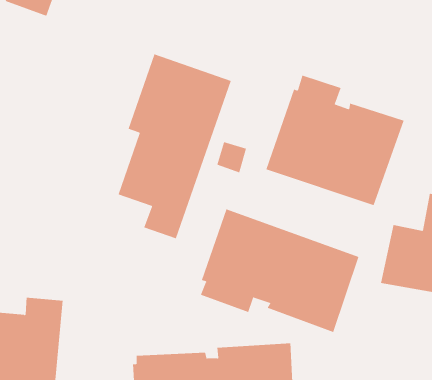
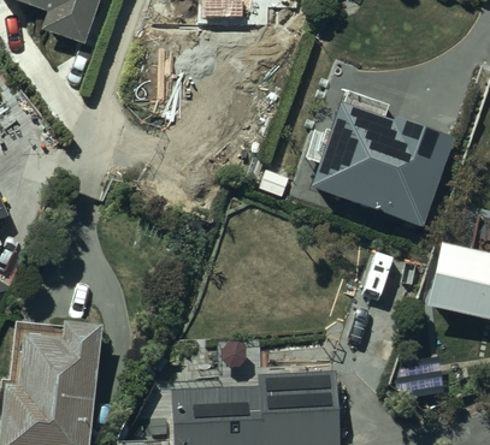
building: [118,53,232,239] -> none
building: [200,209,359,333] -> none

